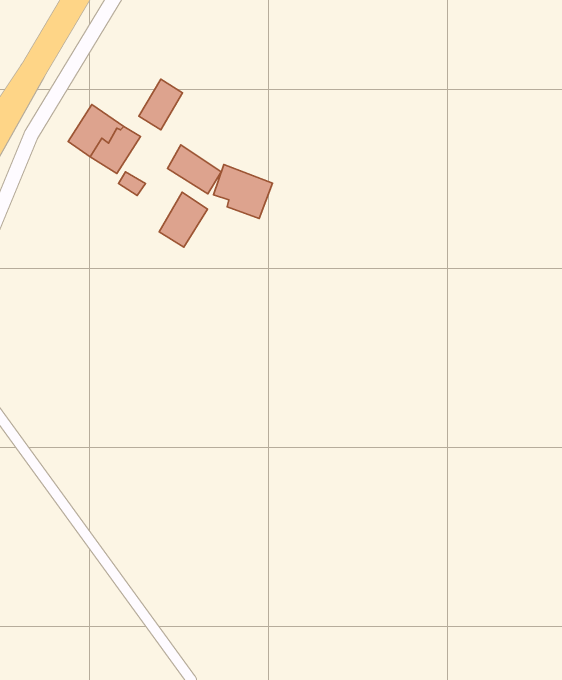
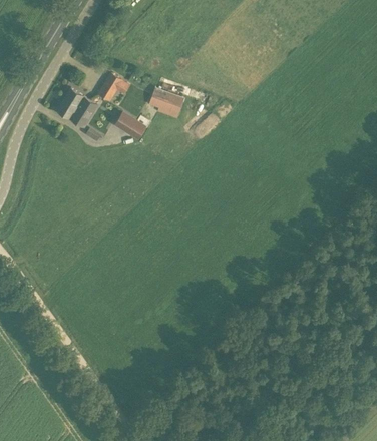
building: [214,165,273,218] -> [150,87,185,119]
building: [159,192,208,247] -> none

